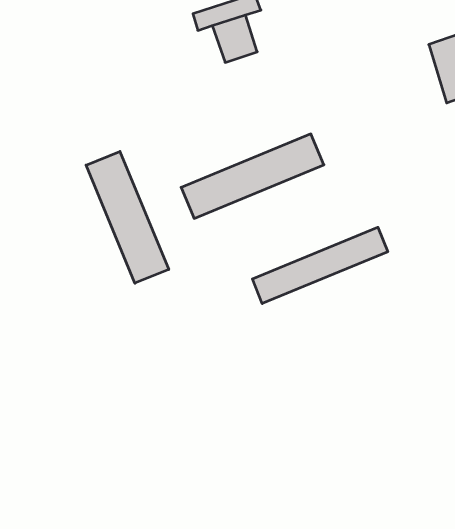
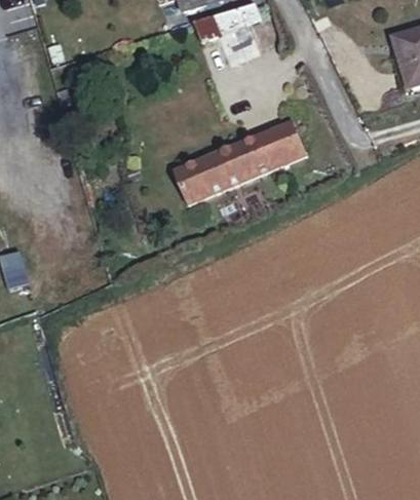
building: [86,151,169,283] -> none
building: [252,227,388,304] -> none

